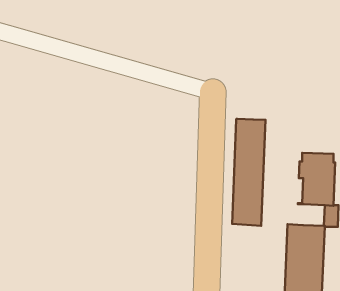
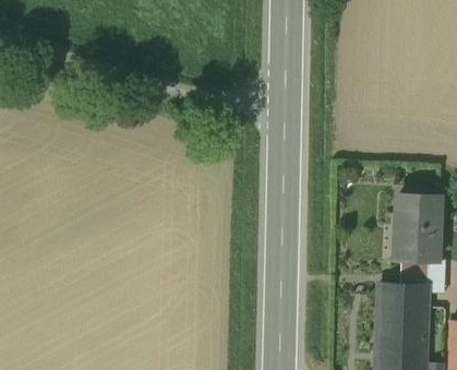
building: [232,119,266,226] -> none
building: none -> [401,259,429,286]

